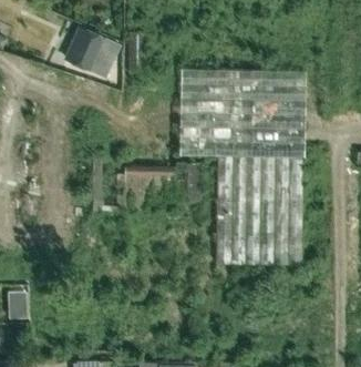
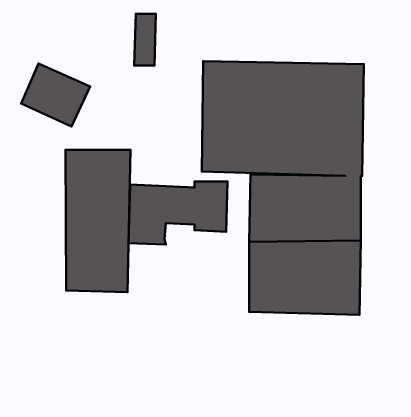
building: [66,28,120,77] -> [21,63,90,127]
building: none -> [65,150,131,292]

